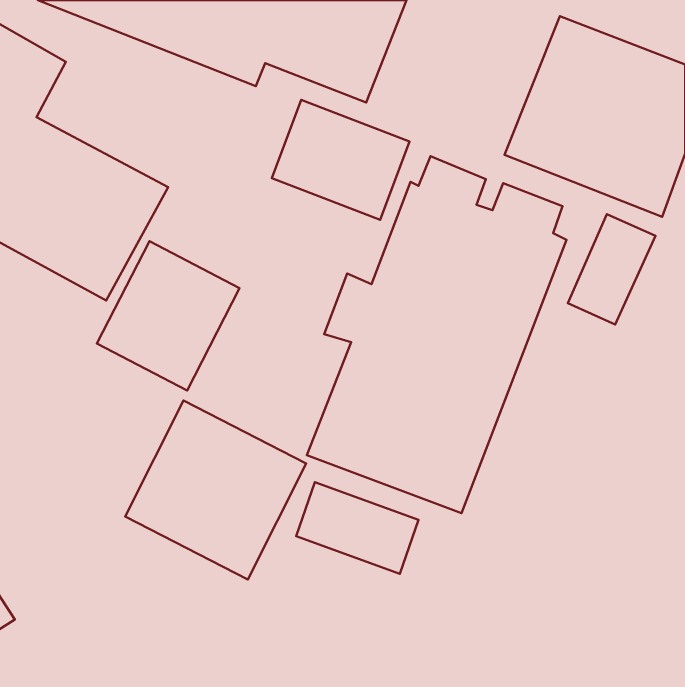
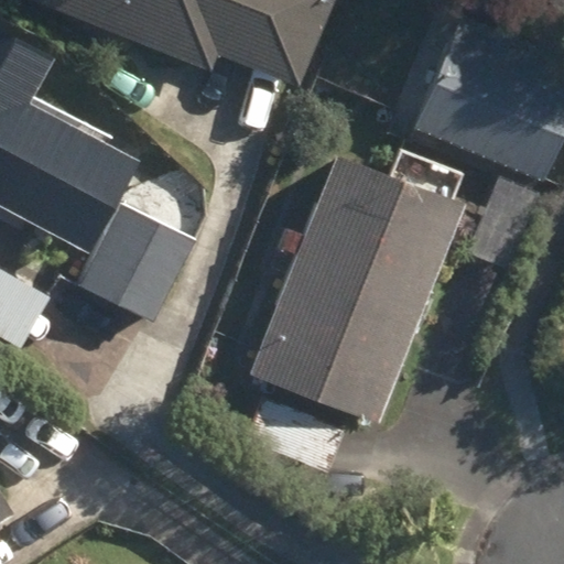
building: [272,100,409,220] -> none
building: [125,400,306,580] -> none

